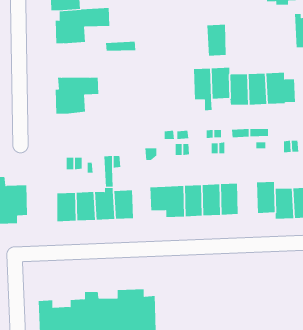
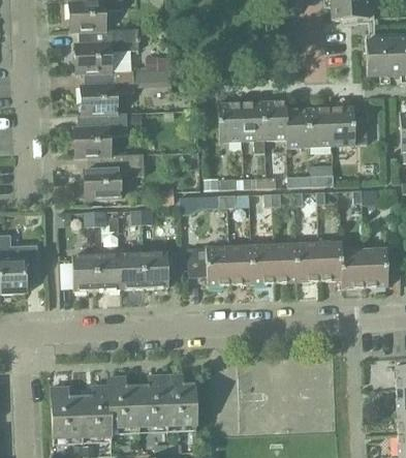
building: [206,24,227,56] -> [219,102,244,142]
building: none -> [80,68,133,113]
building: none -> [82,154,143,206]
building: none -> [298,242,321,281]

